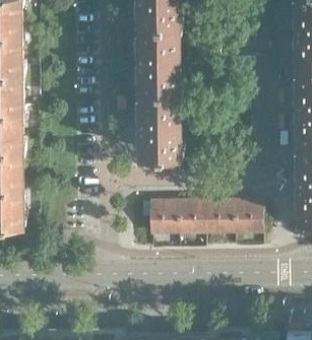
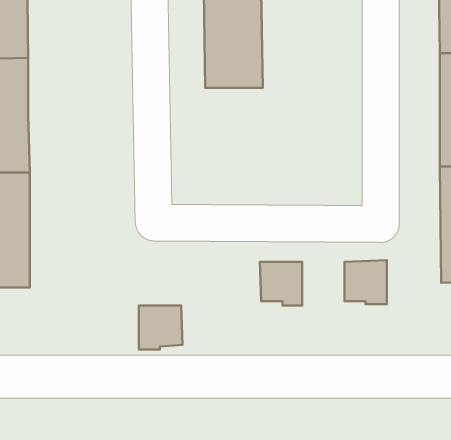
building: [139,88,179,155] -> none
building: [147,205,177,234] -> [139,306,183,349]
building: [204,205,233,234] -> none

